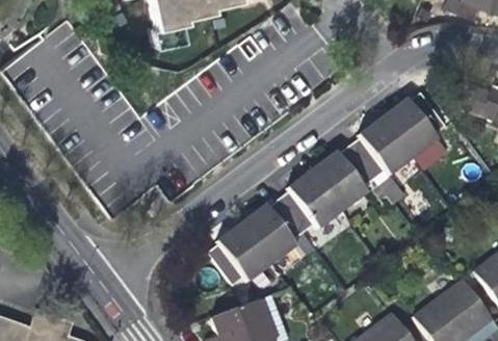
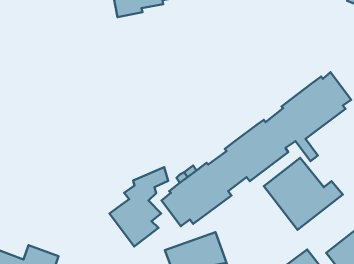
building: none -> [264,158,343,230]
building: none -> [109,167,168,247]

